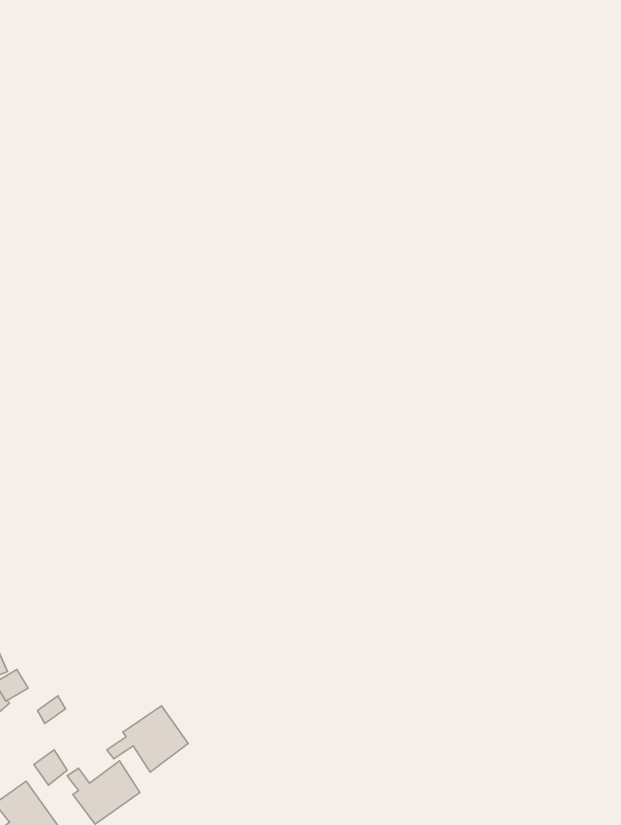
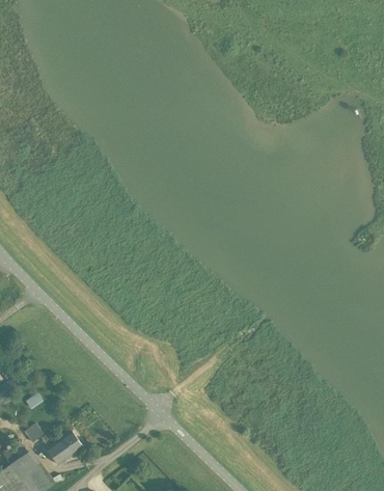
building: [107,706,188,772] -> none

